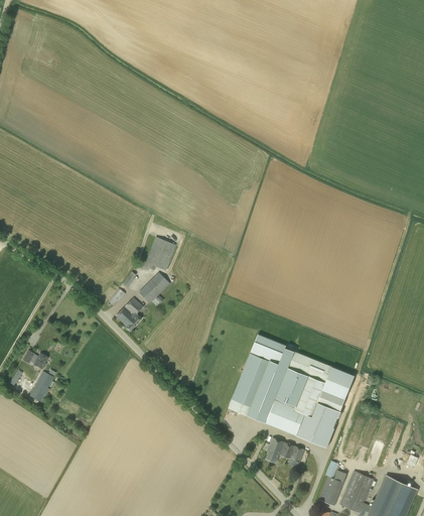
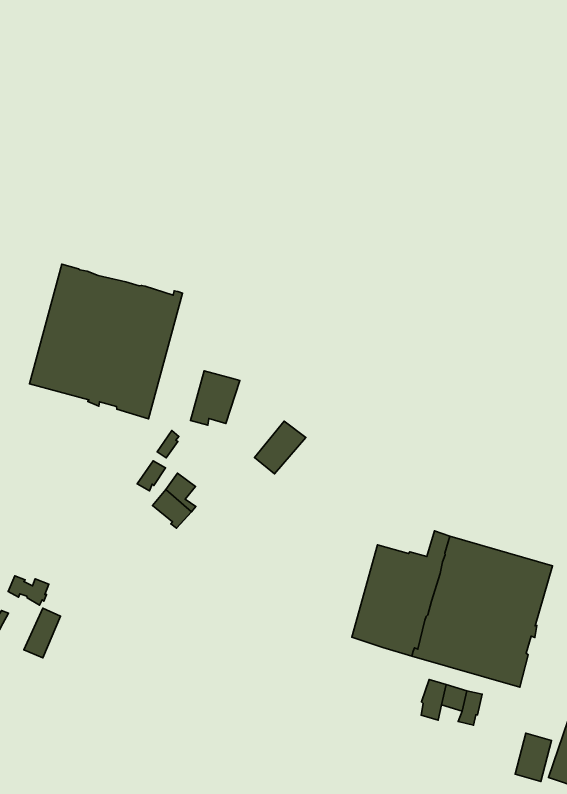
building: none -> [29,264,183,419]
building: [137,272,169,303] -> [255,421,306,474]
building: [250,334,285,363] -> none

